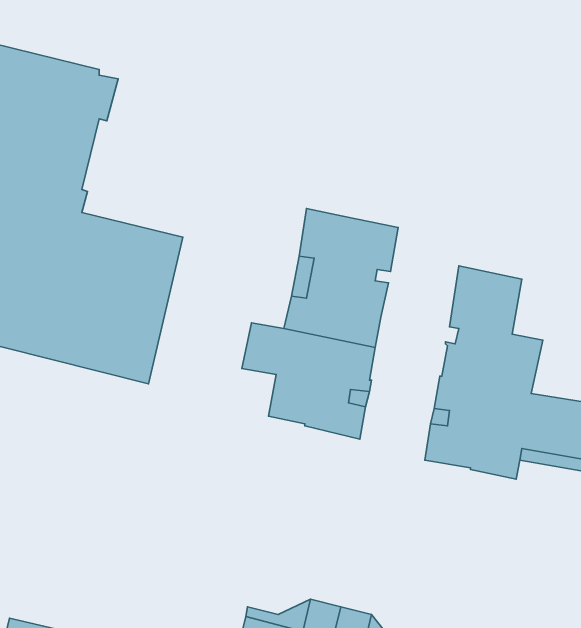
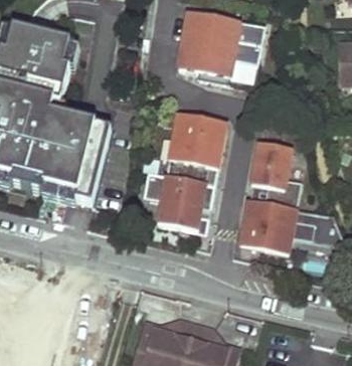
building: none -> [178,13,263,86]

